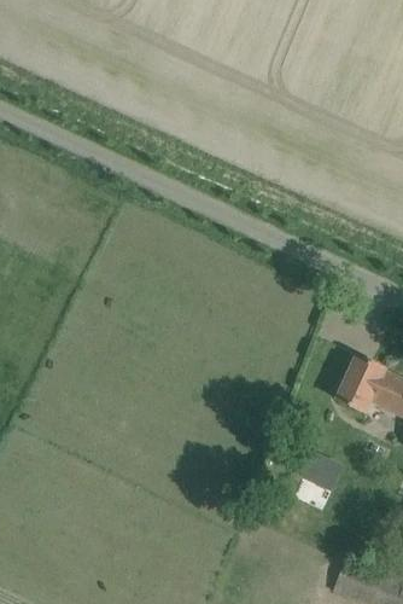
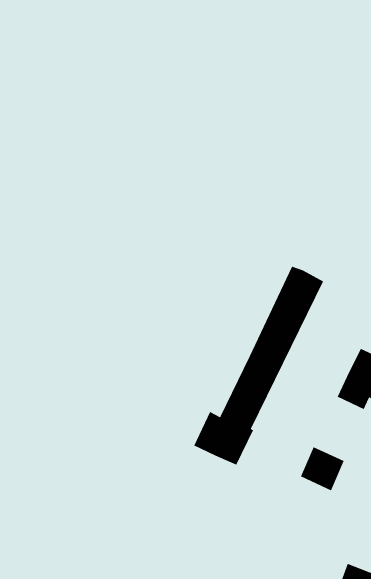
building: none -> [193,266,324,465]

